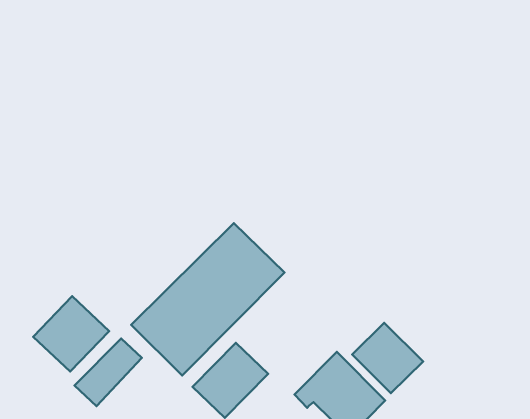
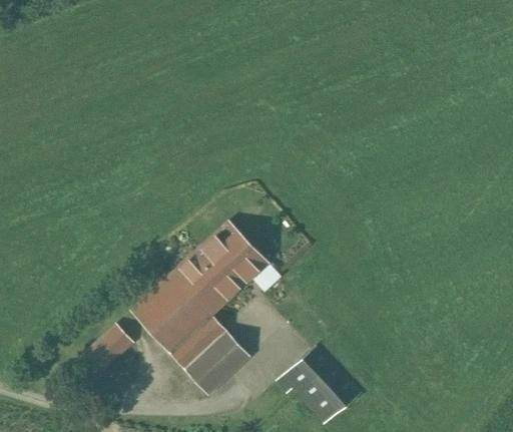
building: [33,296,109,372] -> none
building: [352,323,423,393] -> none

